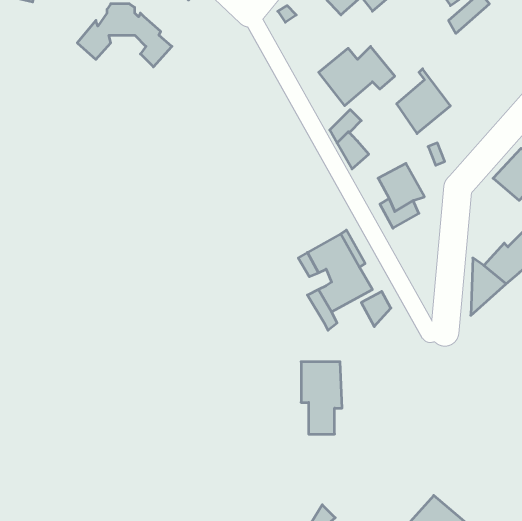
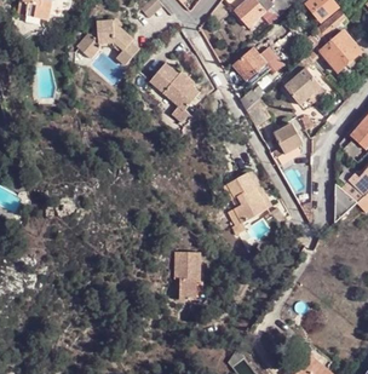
building: none -> [305,30,360,71]
building: none -> [149,64,197,113]
building: [301,362,342,434] -> [176,248,202,295]

